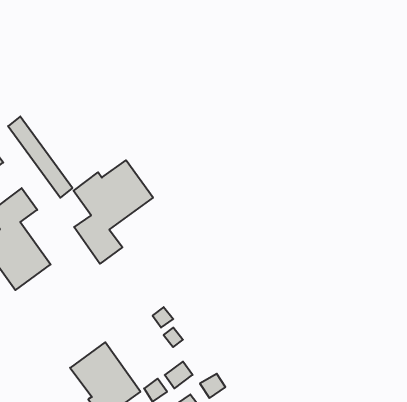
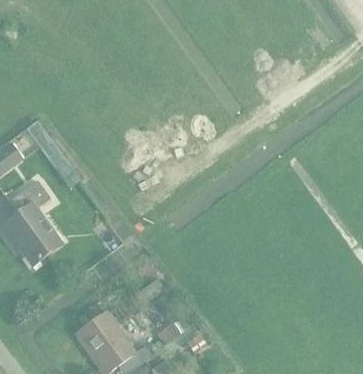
building: [74,160,153,264] -> none

